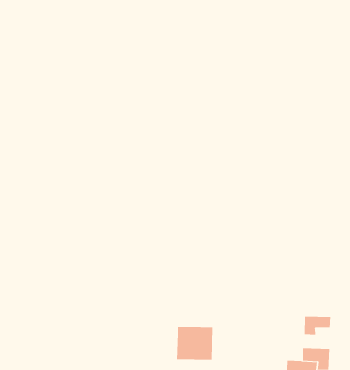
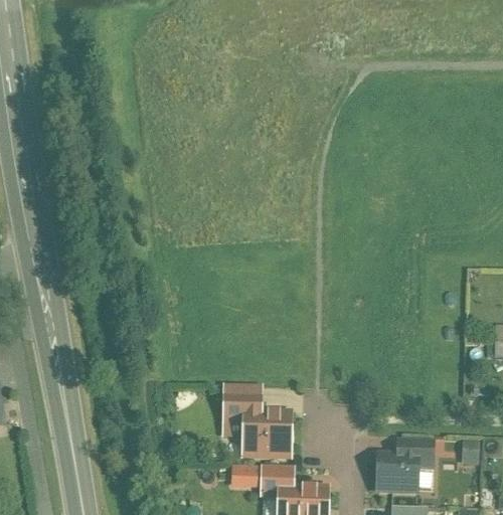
building: none -> [223,394,258,421]
building: [304,316,331,336] -> none

